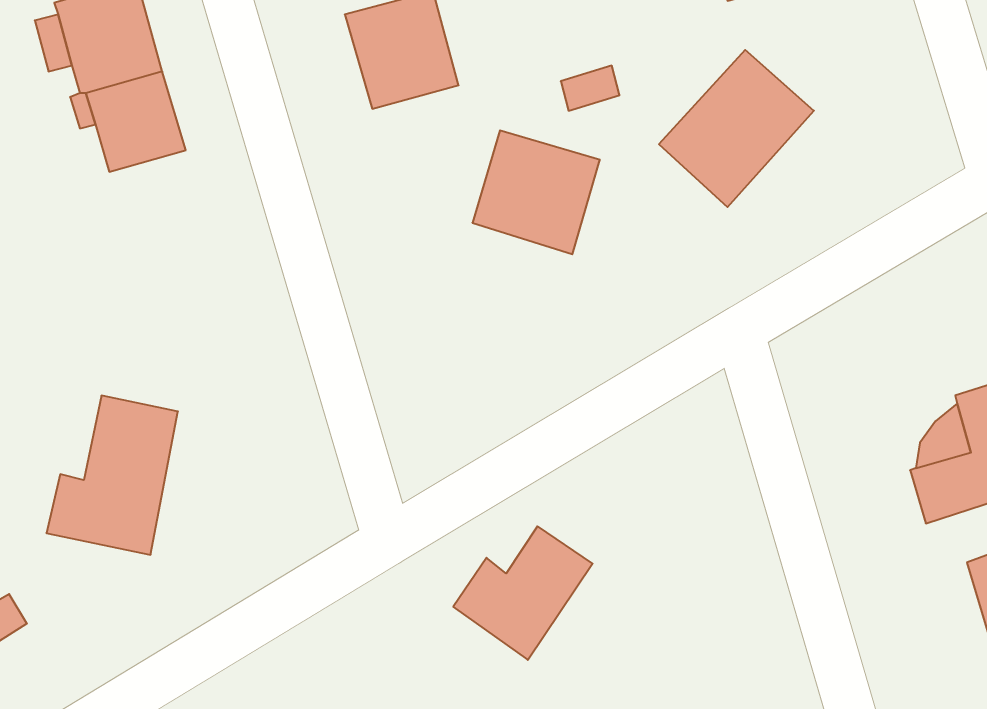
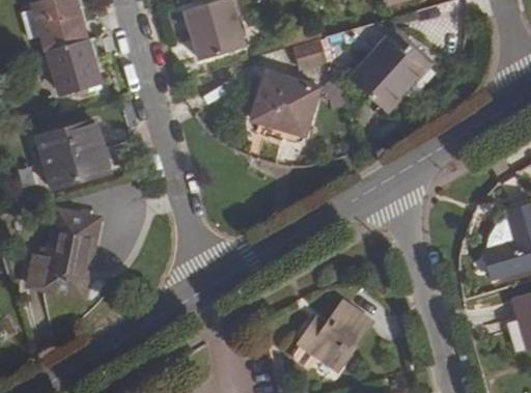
building: none -> [37,121,109,187]
building: [453,526,593,660] -> [299,302,372,372]

